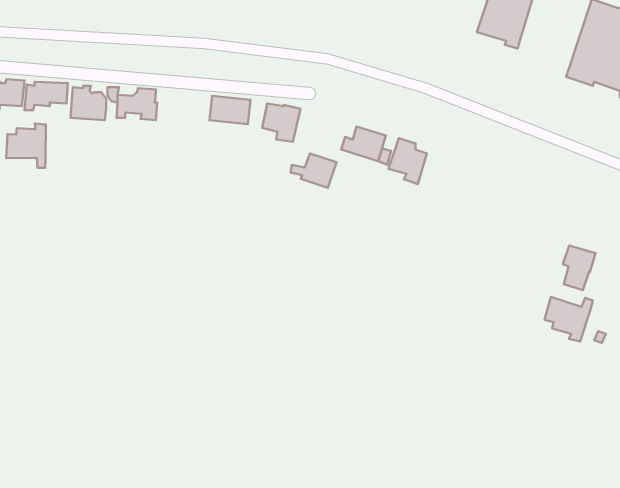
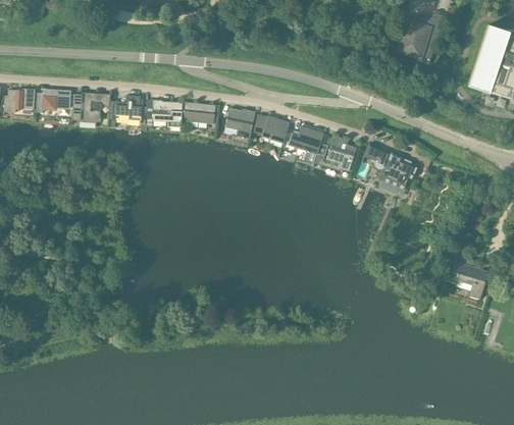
building: none -> [153,99,183,126]
building: [6,123,46,168] -> none
building: none -> [364,144,418,190]
building: [291,153,337,188] -> [254,115,291,143]
building: [563,246,595,290] -> none

